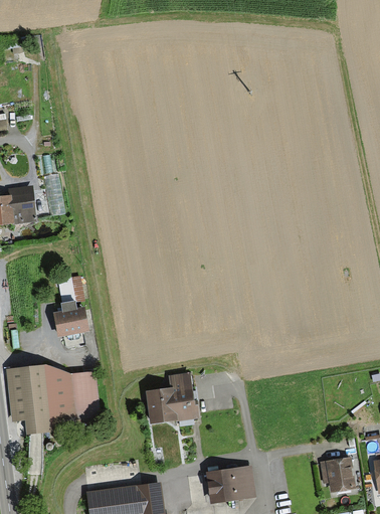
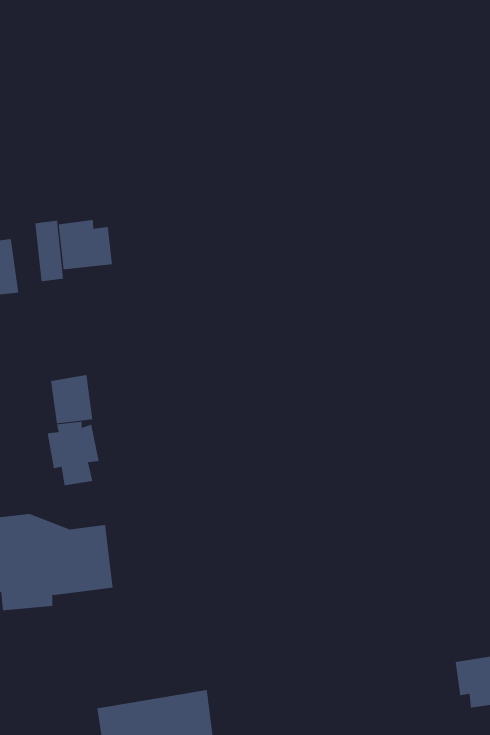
building: none -> [58,219,113,270]
building: [146,372,198,423] -> none
building: [206,466,256,504] -> none

